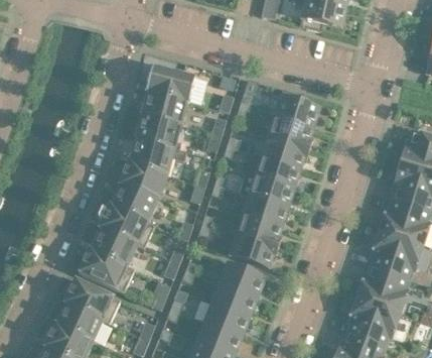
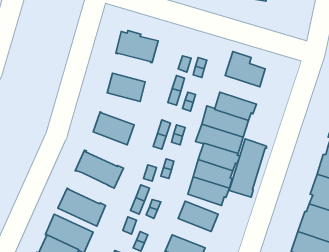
building: [141,92,186,125] -> none
building: [266,118,312,151] -> none
building: [128,138,173,175] -> none
building: [110,184,158,224] -> none
building: none -> [229,139,266,197]
building: [90,229,137,267] -> none
building: [210,284,256,319] -> none

